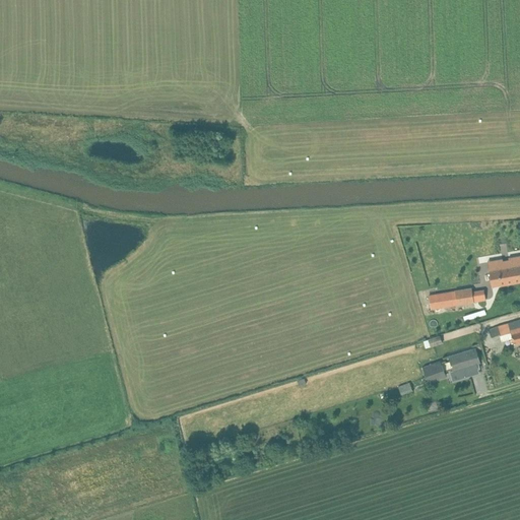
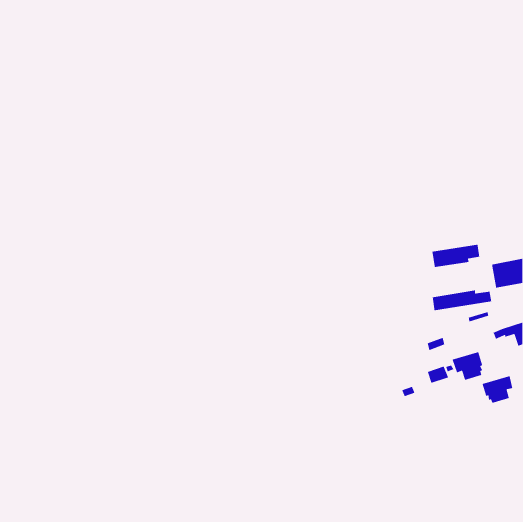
building: none -> [431,244,480,268]
building: none -> [481,375,513,404]

